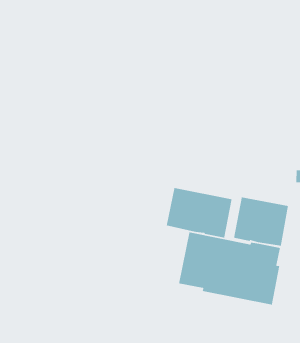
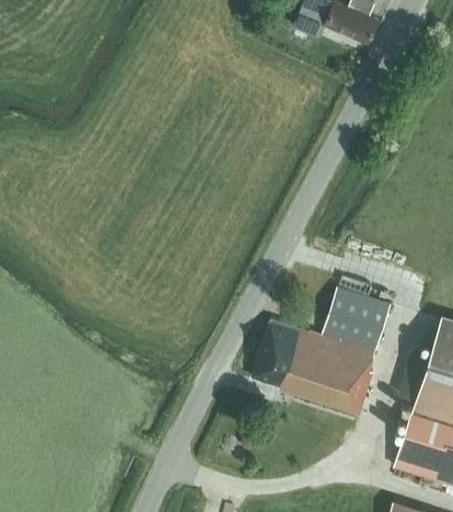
building: [166,187,233,238] -> none

